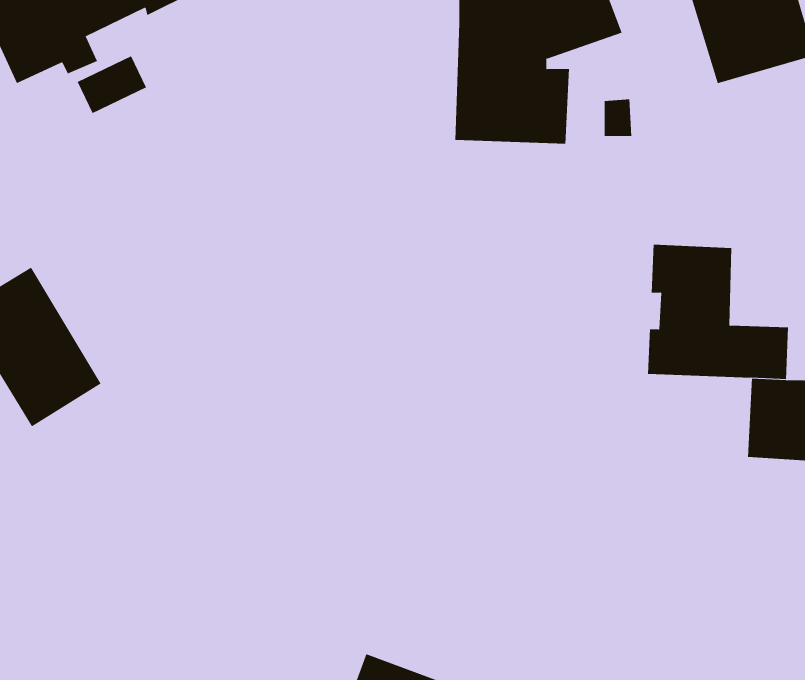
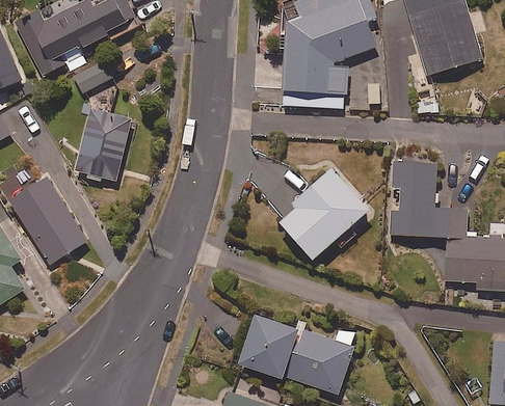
building: none -> [73,107,132,182]
building: none -> [276,169,366,261]
building: none -> [239,314,358,394]

